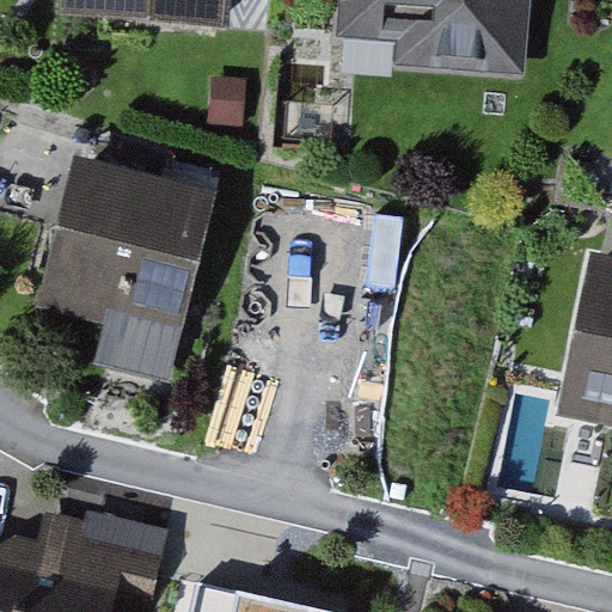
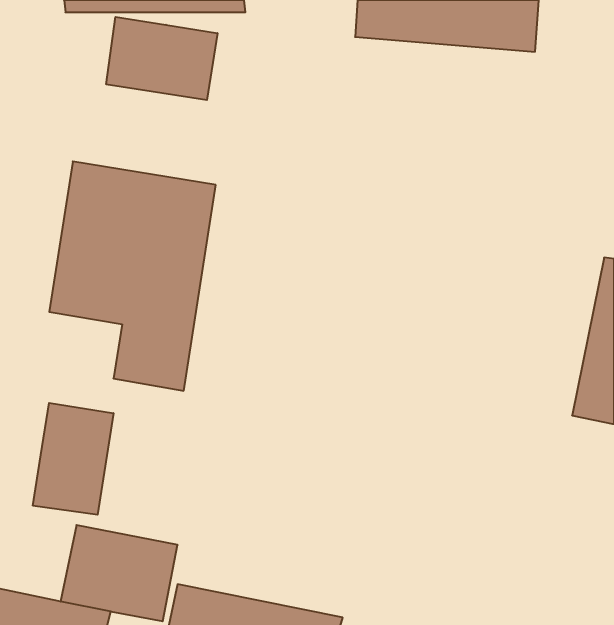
building: none -> [106,17,217,100]
building: none -> [33,403,113,515]

